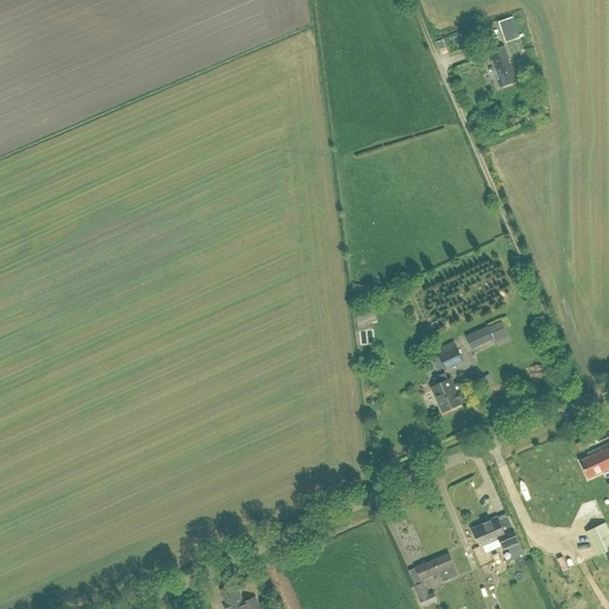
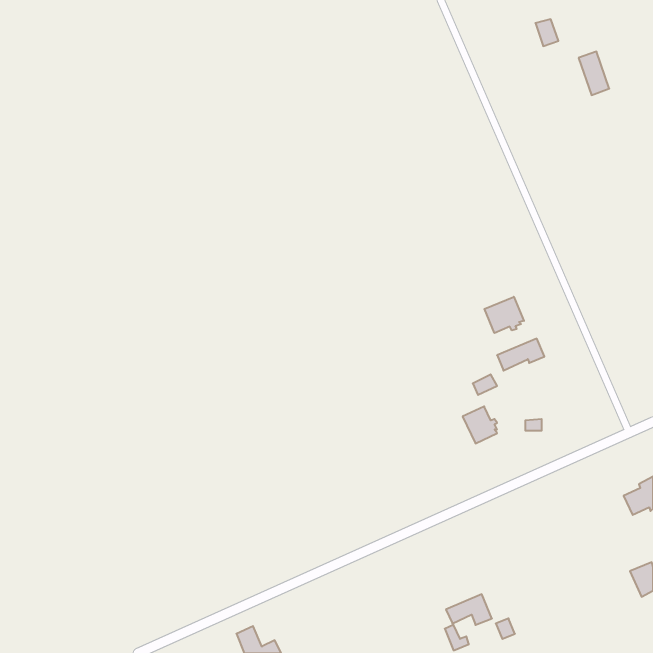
building: [488,46,516,87] -> [579,52,609,95]
building: none -> [484,297,524,333]
building: [472,517,519,548] -> none

